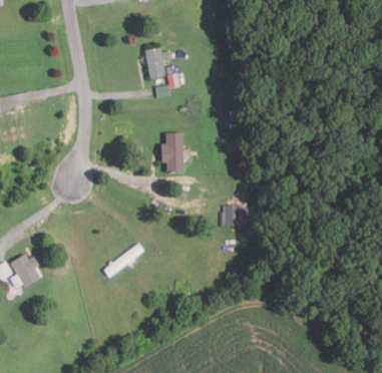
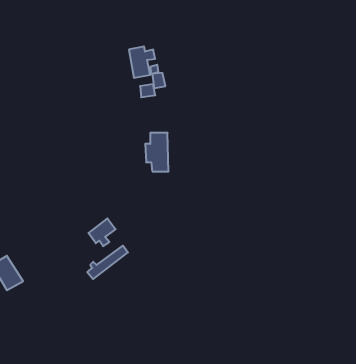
building: [223,205,246,226] -> none
building: none -> [88,218,116,246]

